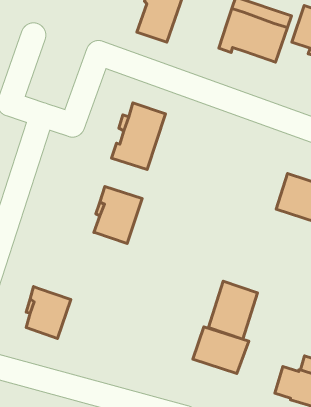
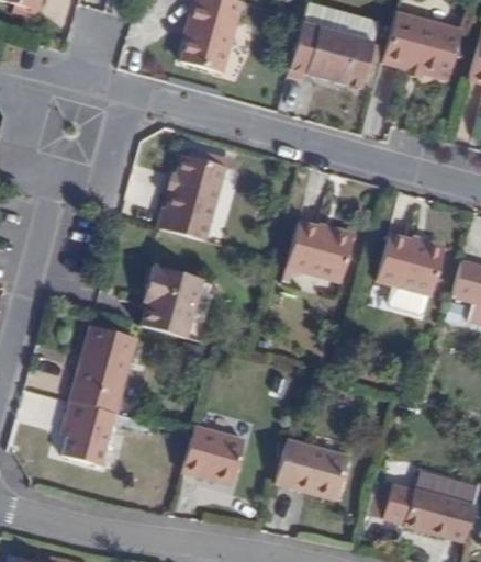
building: none -> [288,224,354,284]
building: none -> [71,325,137,413]
building: [208,281,258,339] -> none
building: none -> [183,426,245,484]

